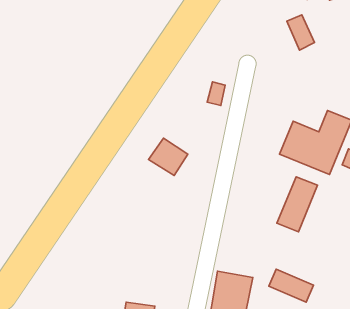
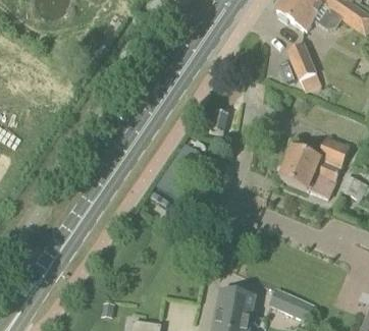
building: [277,177,318,232] -> none

